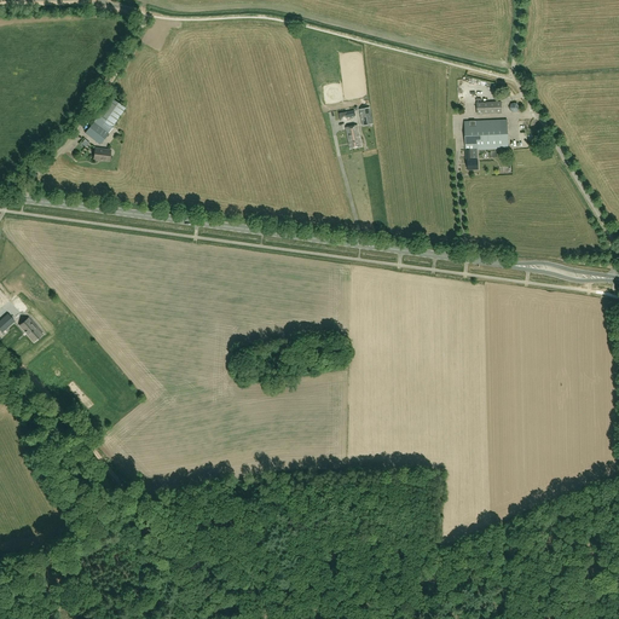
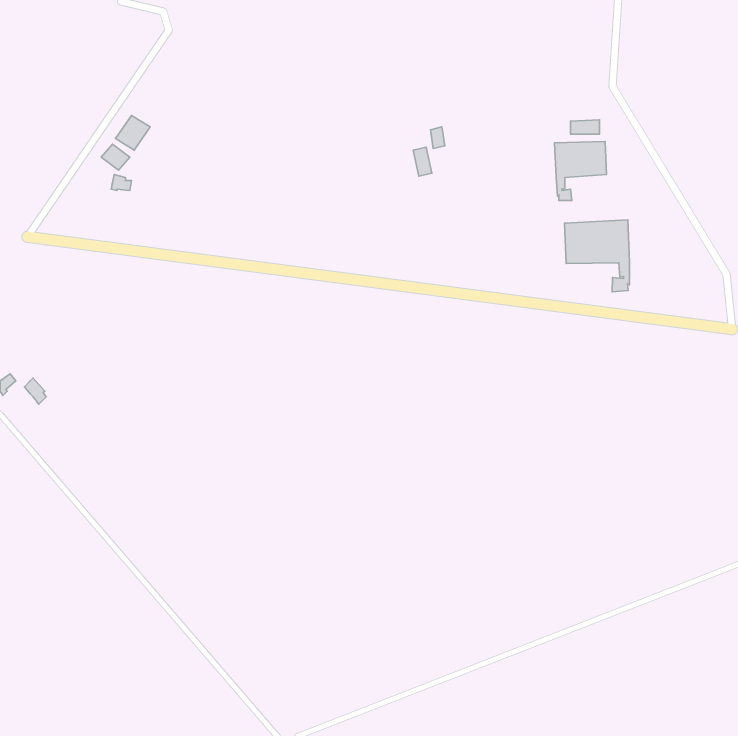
building: none -> [565,220,630,292]

